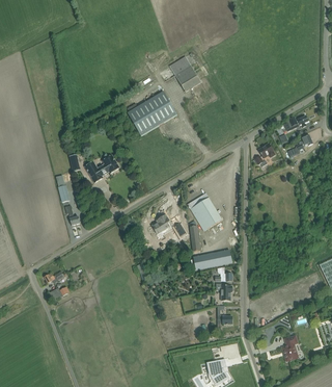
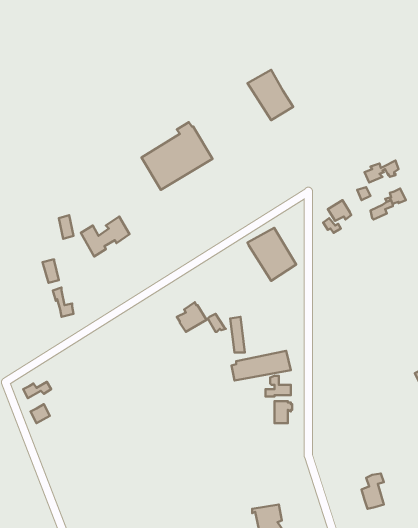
building: [169,56,201,92] -> [247,70,293,120]
building: [188,194,222,231] -> [247,228,296,281]

